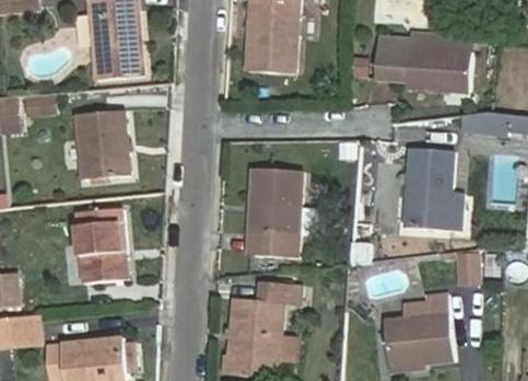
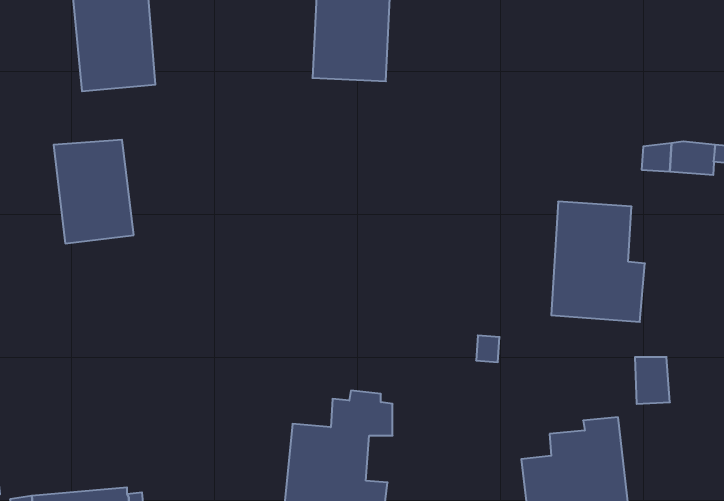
building: [376,33,471,91] -> none
building: [249,169,300,257] -> none
building: [77,209,129,282] -> none

